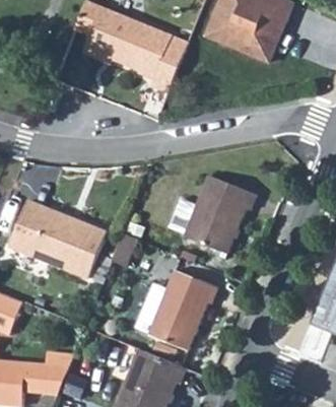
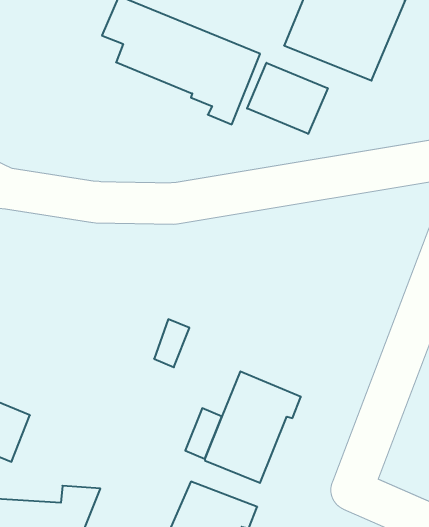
building: none -> [247,63,328,134]
building: [169,174,256,253] -> none
building: [9,199,104,277] -> none

